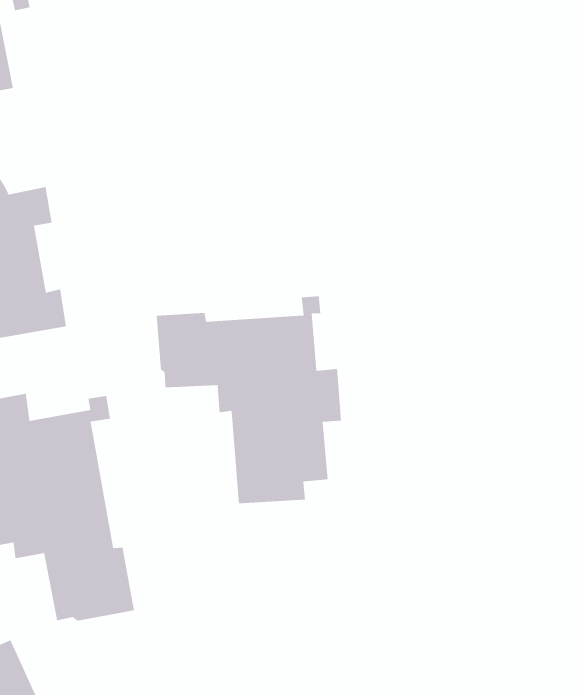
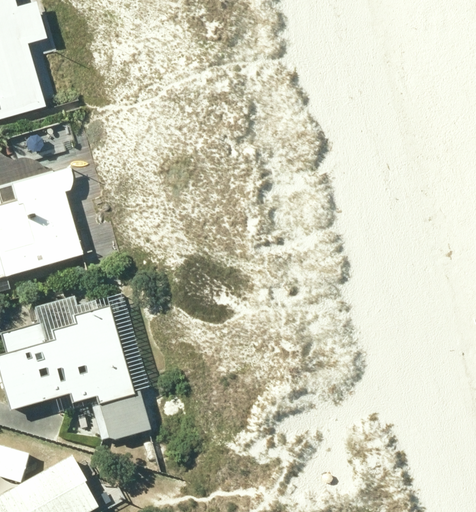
building: [156,296,342,504] -> none

